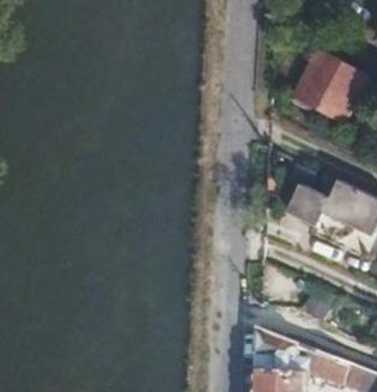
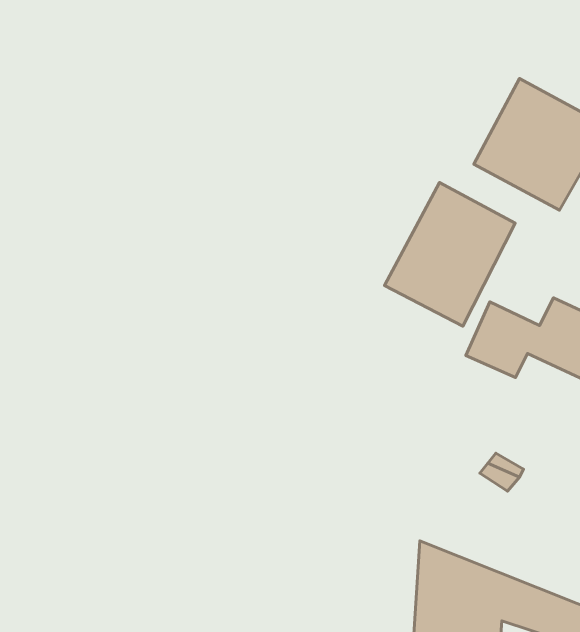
building: none -> [385,183,515,326]

